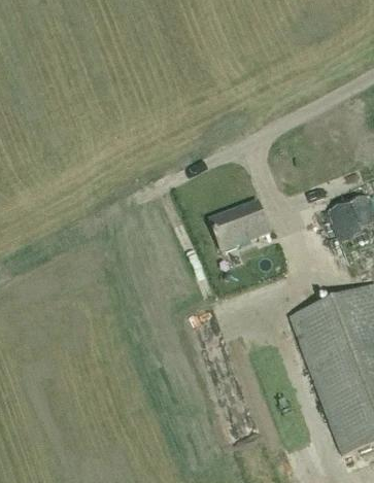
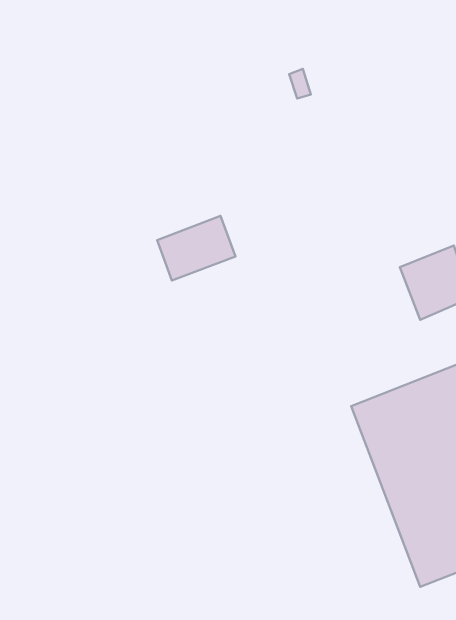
building: [209,199,269,248] -> [157,216,235,281]

